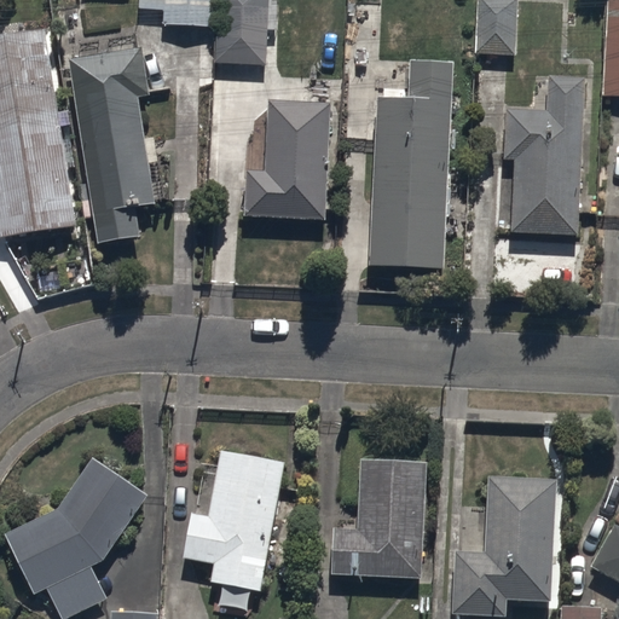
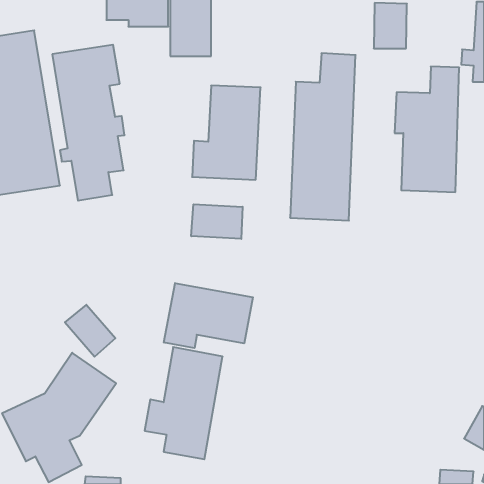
building: none -> [191,204,243,239]
building: none -> [164,283,253,348]
building: none -> [65,305,115,357]
building: [329,452,424,572] -> none
building: [452,468,555,611] -> none

